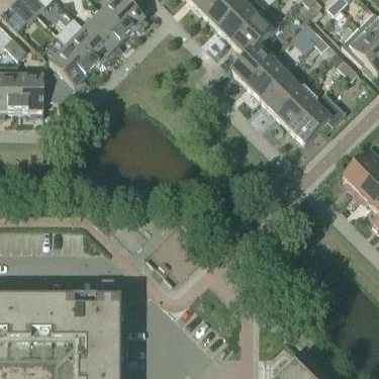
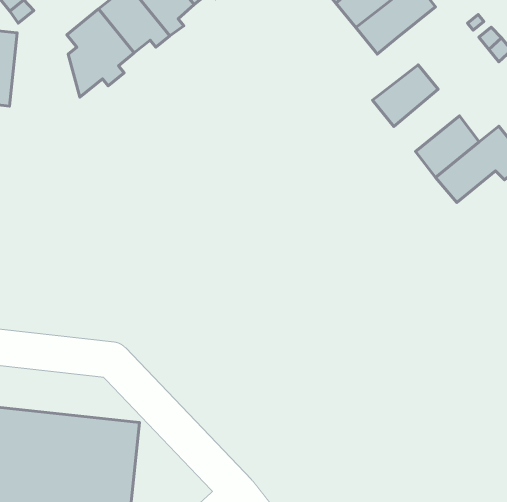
building: [229,42,271,83] -> none
building: [260,72,300,112] -> none
building: [17,74,61,115] -> none

